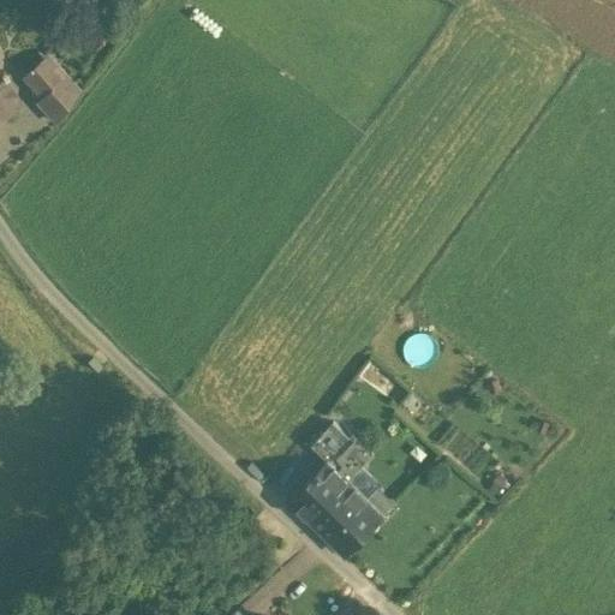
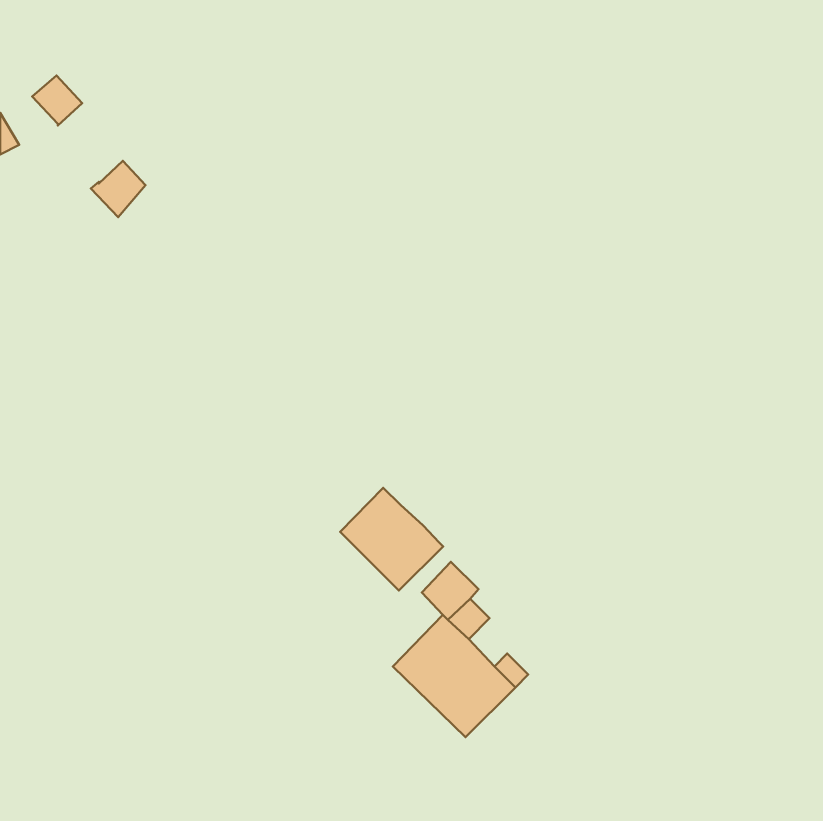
building: [37,78,78,120] -> [91,161,145,217]
building: none -> [340,488,443,591]

